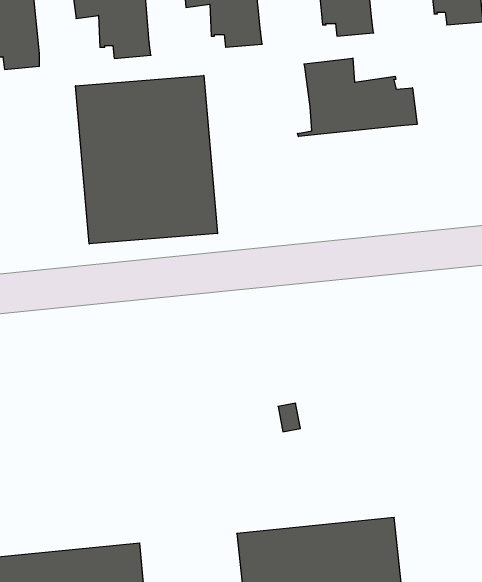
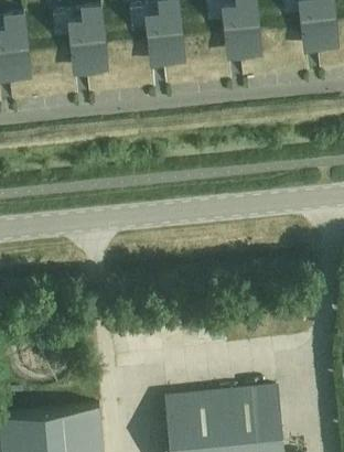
building: [298,58,417,137] -> none
building: [76,75,217,244] -> none

